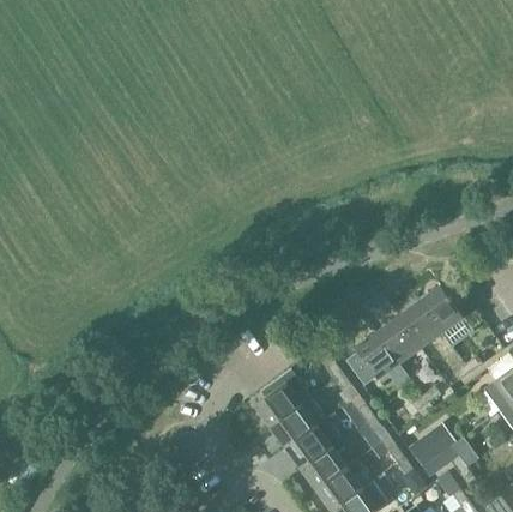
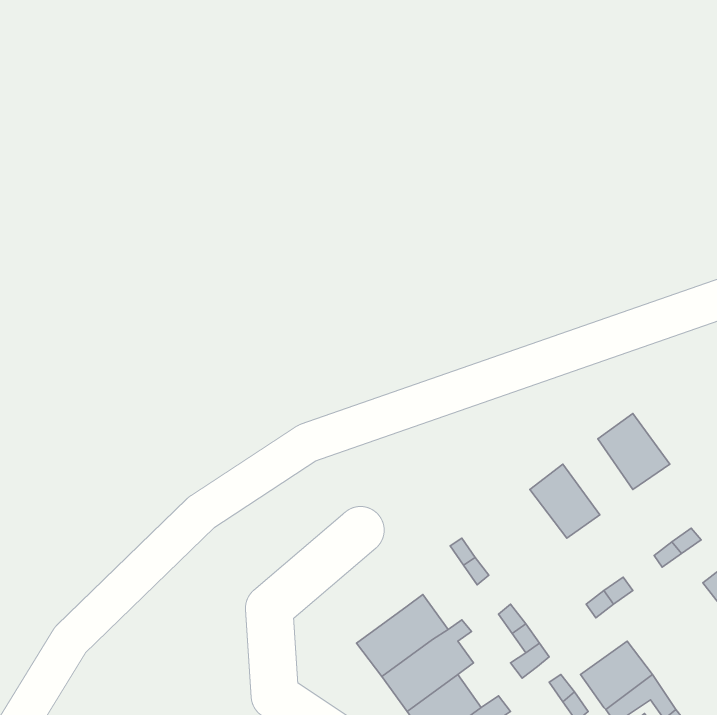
building: [397,302,440,349] -> none
building: [355,333,399,380] -> none
building: [254,369,310,428] -> none

